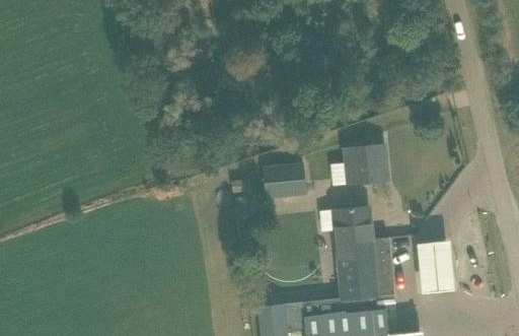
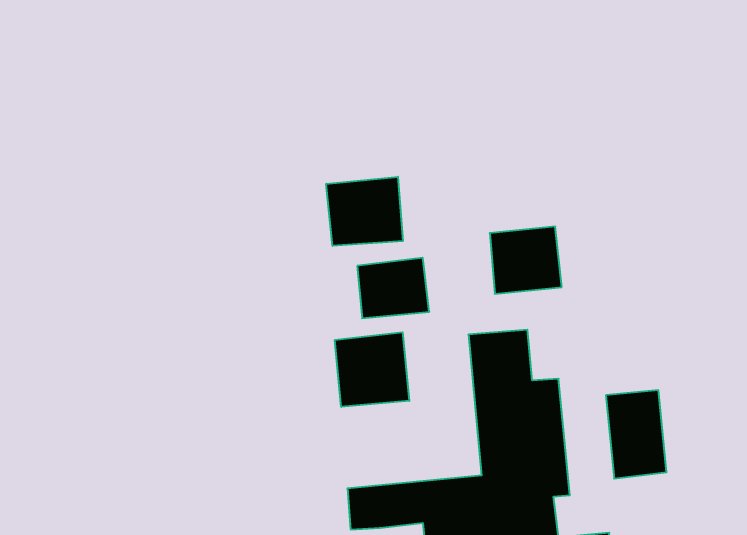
building: none -> [326,177,403,246]
building: none -> [335,332,409,407]

